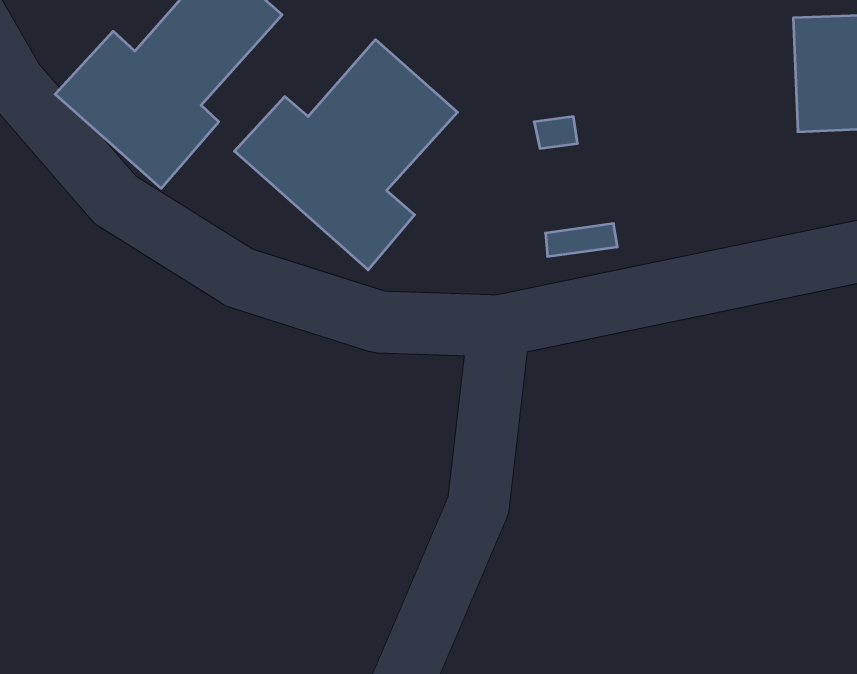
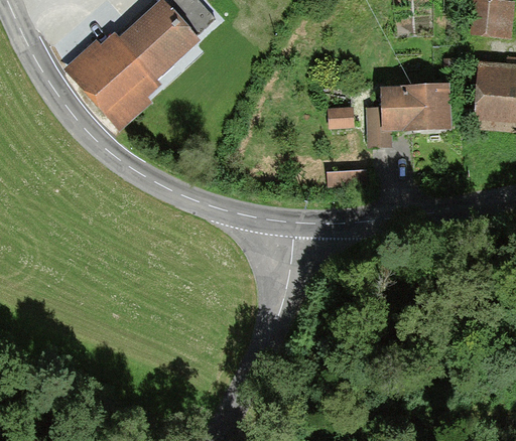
building: [234,40,458,270] -> none
building: none -> [371,86,447,145]

